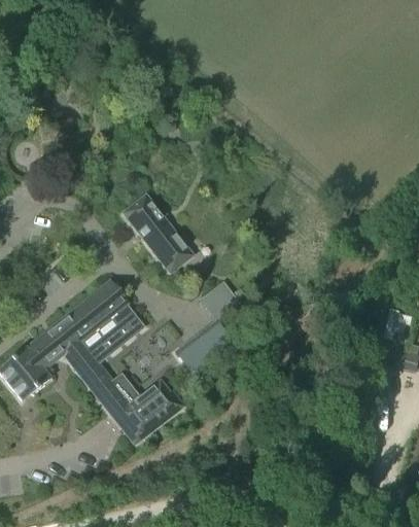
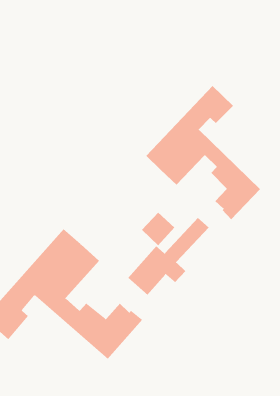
building: none -> [145,85,261,220]
building: [123,195,191,273] -> none

